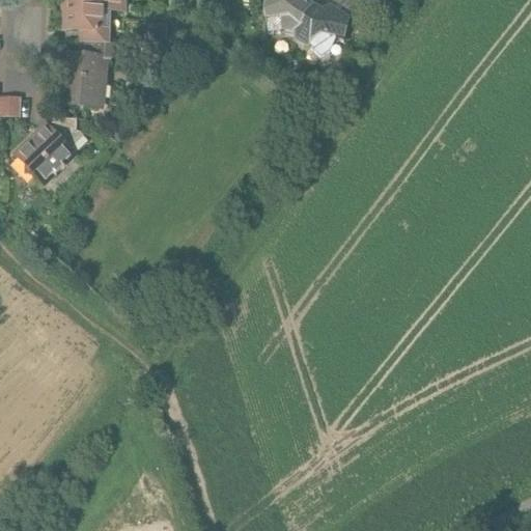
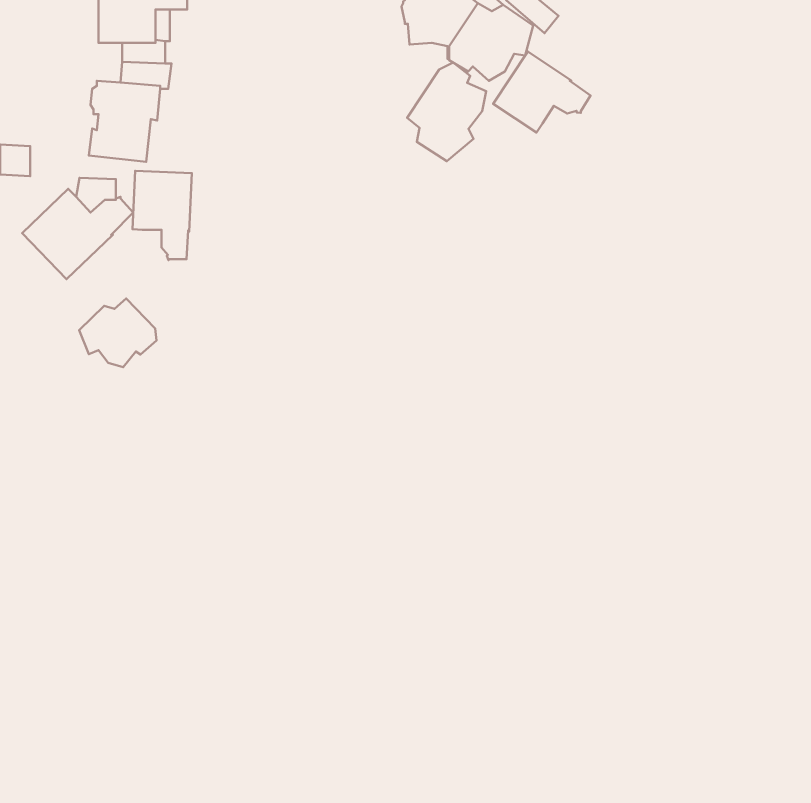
building: none -> [493,52,591,132]
building: none -> [407,63,486,161]
building: none -> [133,171,192,260]
building: none -> [79,299,156,367]

